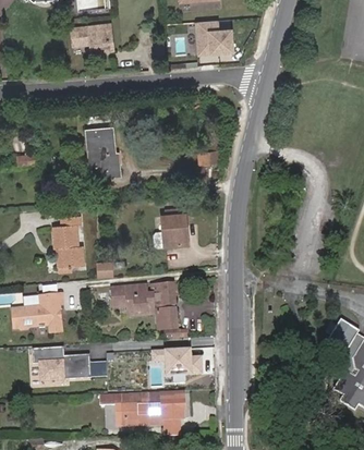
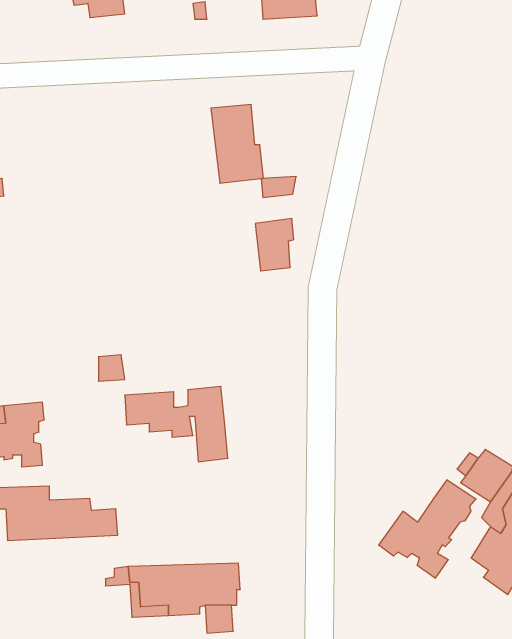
building: [87,129,120,178] -> [211,105,263,183]
building: [162,214,186,246] -> [255,218,294,271]
building: [54,215,84,266] -> none
building: none -> [379,480,476,578]
building: [154,348,202,375] -> none

